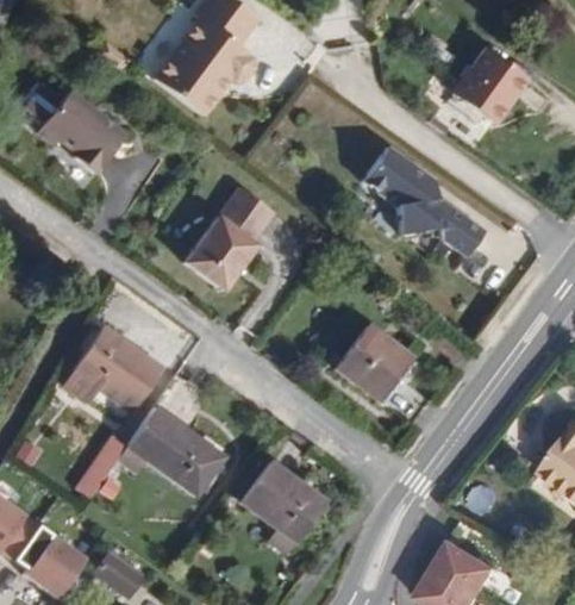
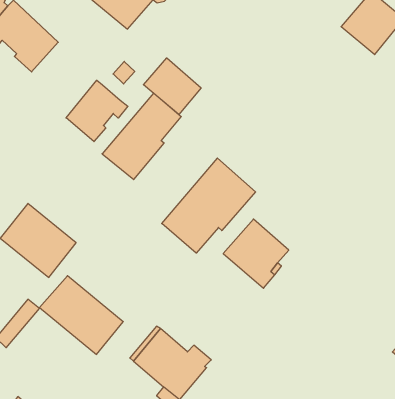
building: none -> [143,58,201,115]
building: [364,146,486,255] -> none
building: none -> [66,80,128,142]
building: none -> [162,158,256,253]

